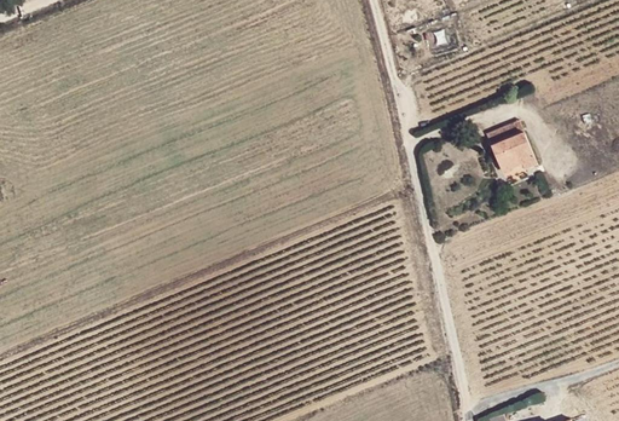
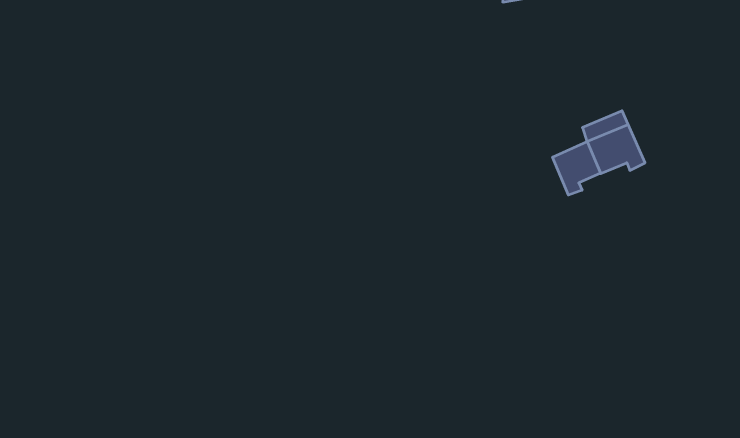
building: none -> [553,142,601,195]

